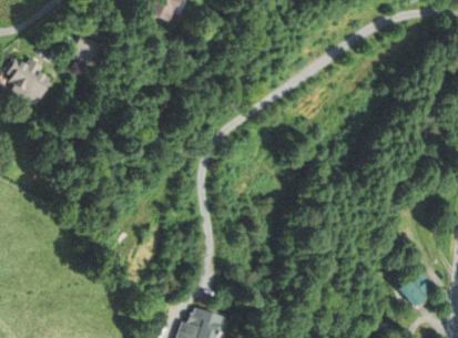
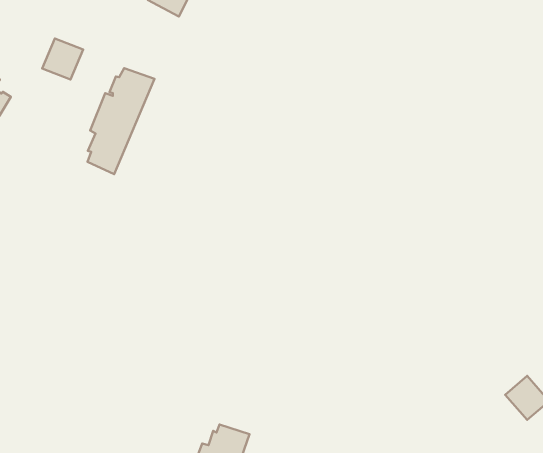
building: none -> [87,68,154,174]

